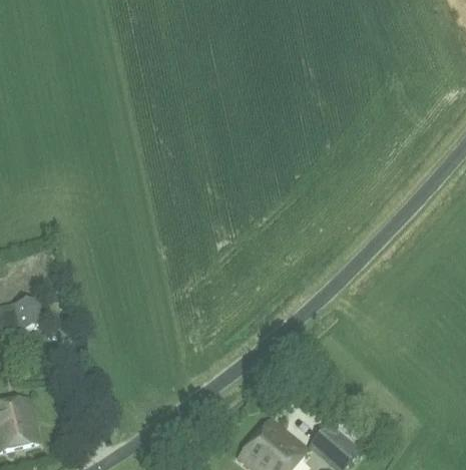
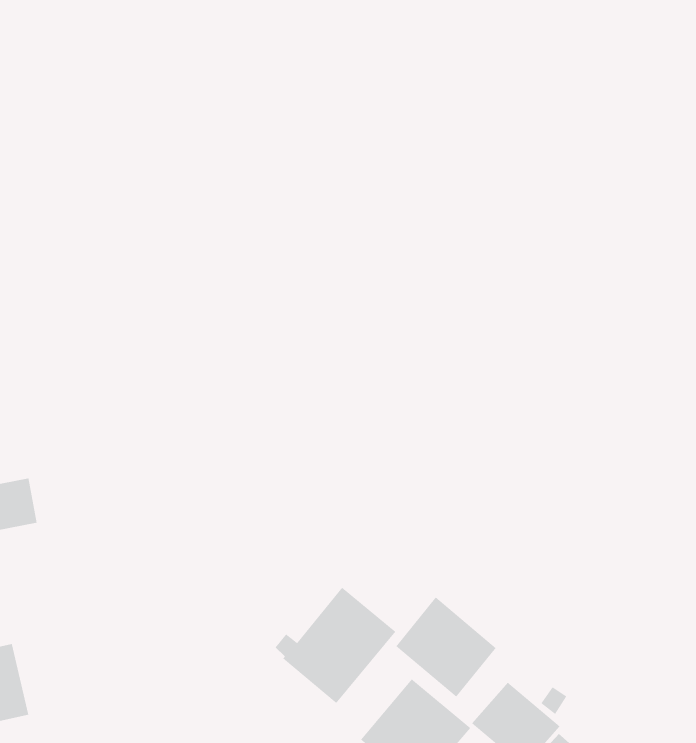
building: none -> [275,587,396,704]
building: none -> [396,597,497,698]

